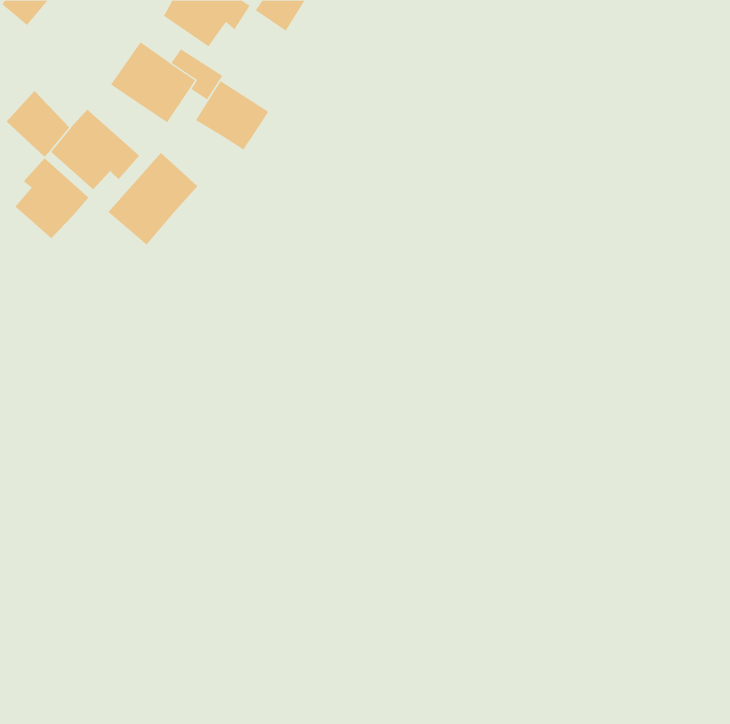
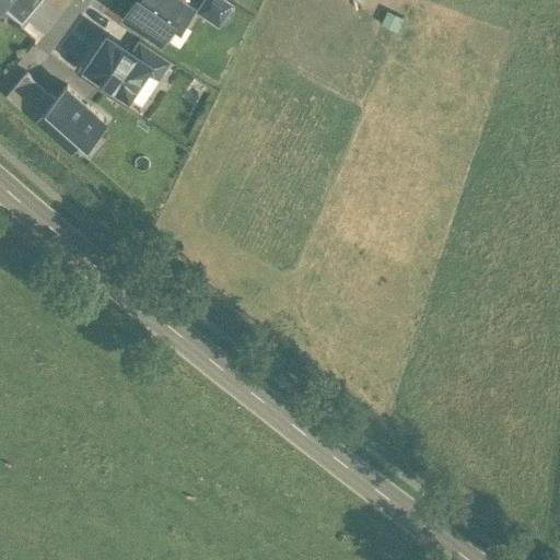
building: [195,80,269,151] -> none
building: [107,152,198,246] -> none
building: [14,157,89,239] -> none

